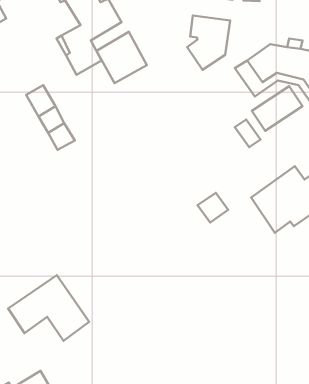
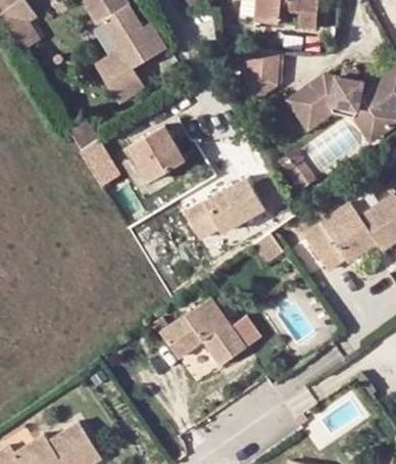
building: [96,32,147,83] -> [131,120,185,175]
building: none -> [185,172,285,234]
building: [8,275,89,341] -> [162,300,249,371]

